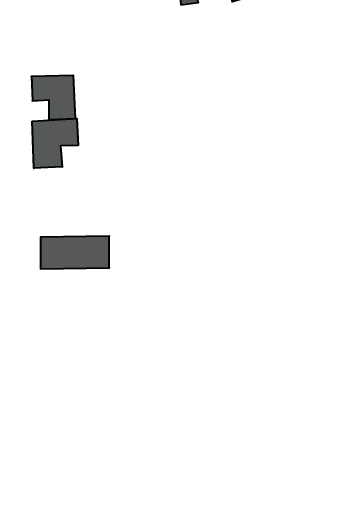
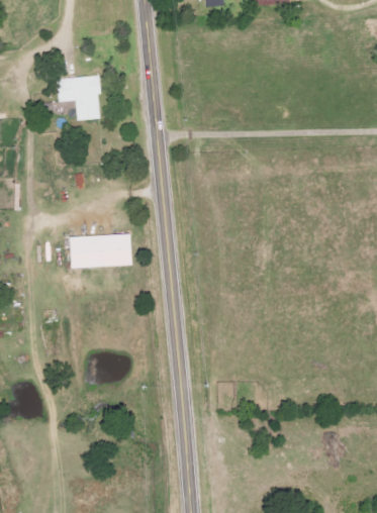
building: [32,119,78,168] -> none

